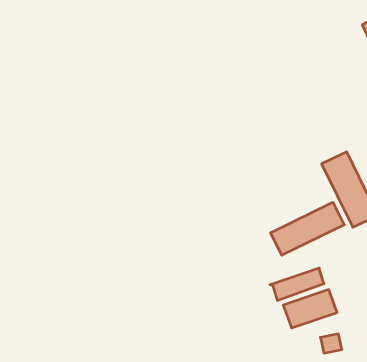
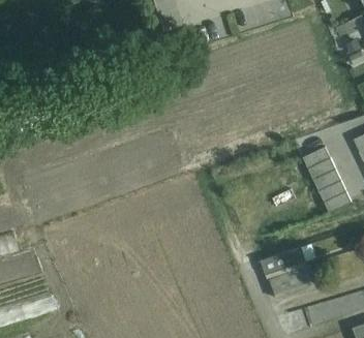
building: [271,202,344,255] -> none

